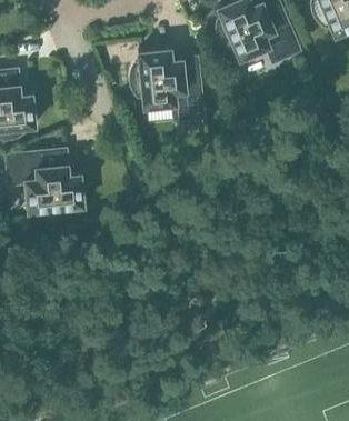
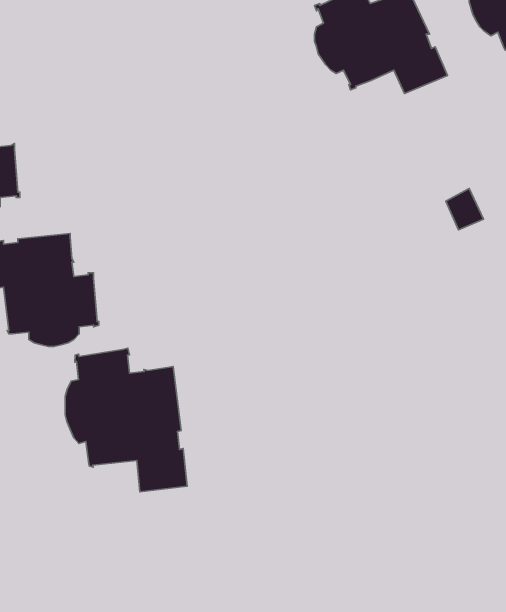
building: [131,49,203,120] -> none
building: none -> [65,348,187,492]

